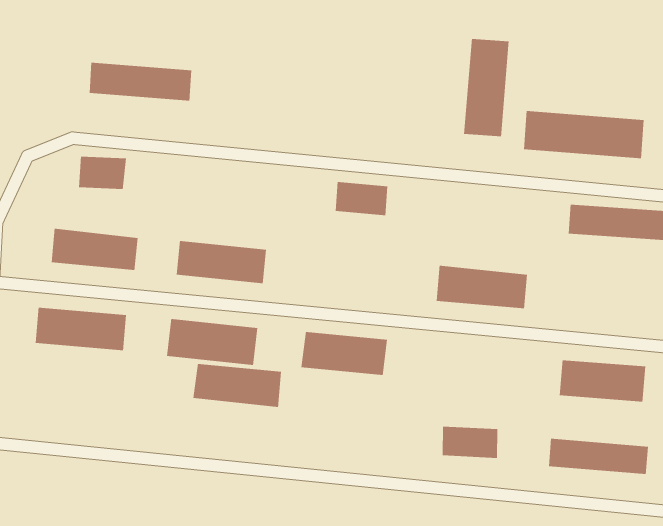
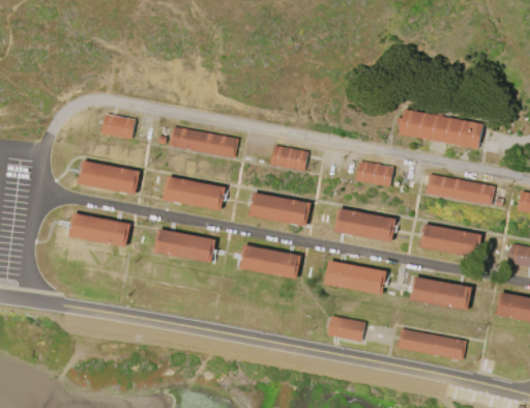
building: [464,38,509,137] -> none
building: [89,62,192,101] -> [169,126,239,158]
building: none -> [359,163,398,186]
building: none -> [418,224,479,258]
building: none -> [323,262,384,294]
building: [193,364,282,407] -> [248,193,310,227]

